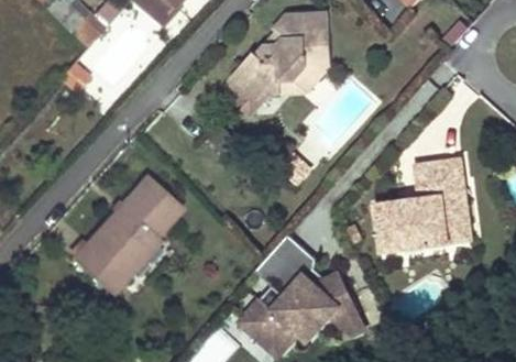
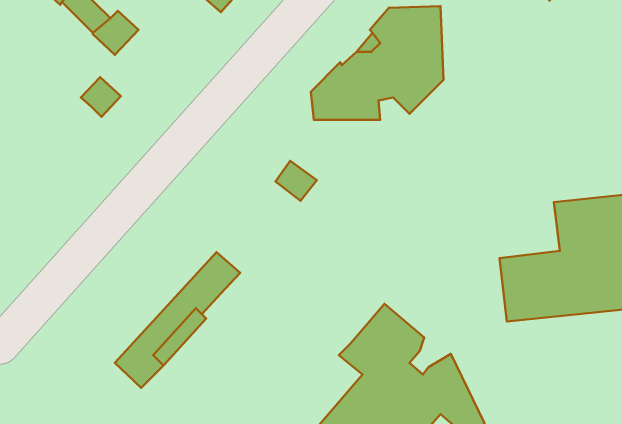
building: [68,179,162,278] -> none

